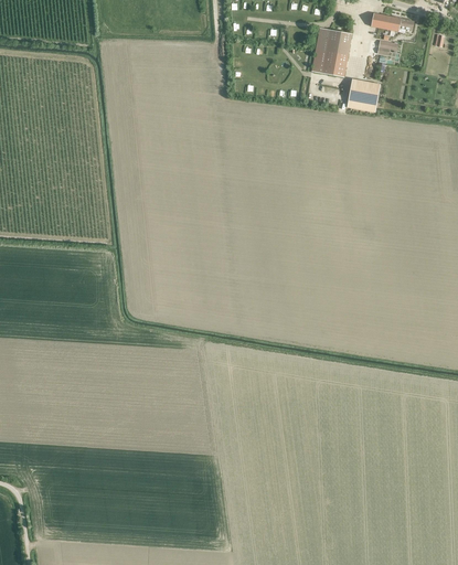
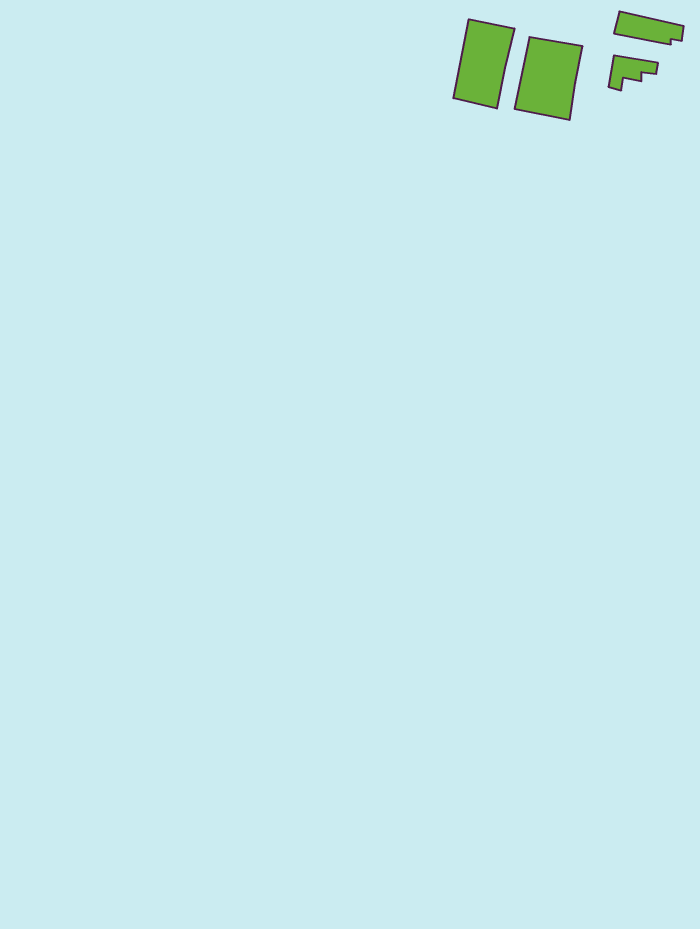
building: none -> [453,19,514,109]
building: [347,78,381,111] -> none

